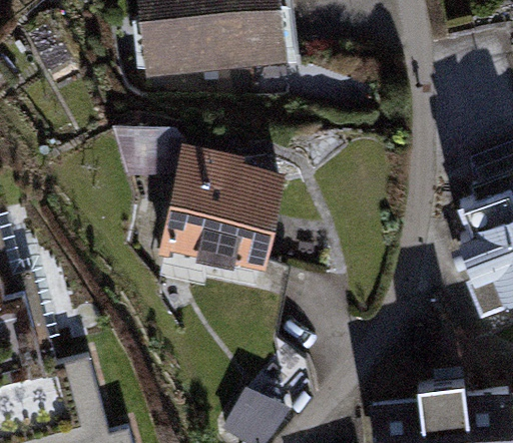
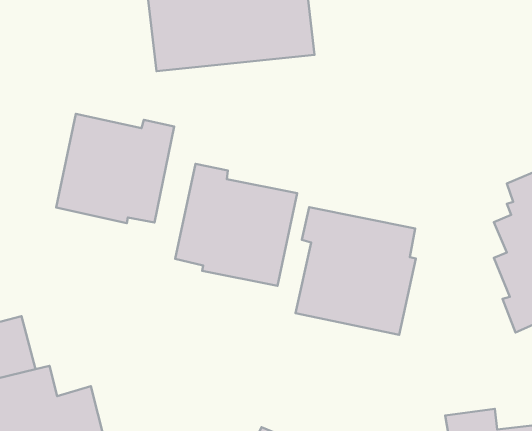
building: none -> [56,114,174,223]
building: none -> [296,207,416,335]

